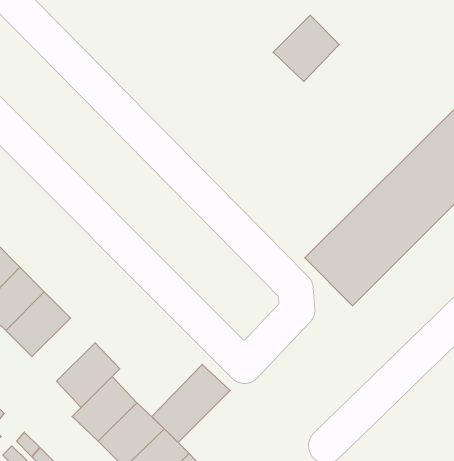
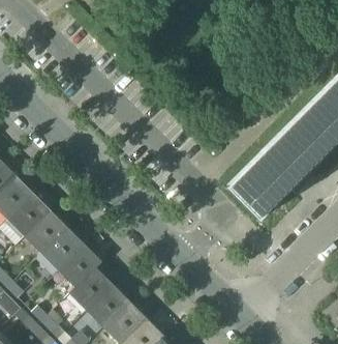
building: [273,15,339,82] -> none
building: none -> [42,228,85,270]
building: [152,364,230,443] -> none

